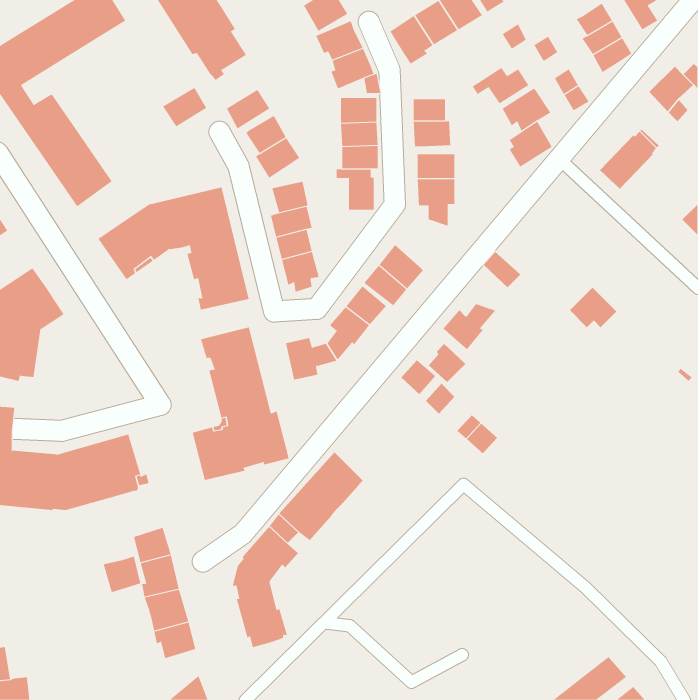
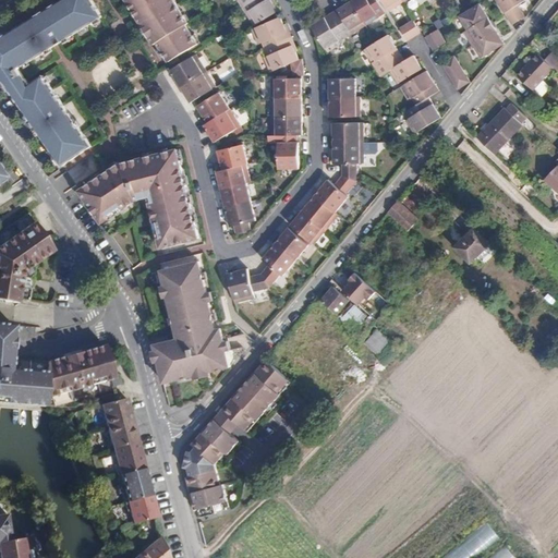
building: none -> [363,34,399,69]
building: [162,87,207,127] -> [169,54,205,86]
building: [443,304,496,350] -> [314,174,356,211]
building: [103,556,141,593] -> [99,397,130,426]

